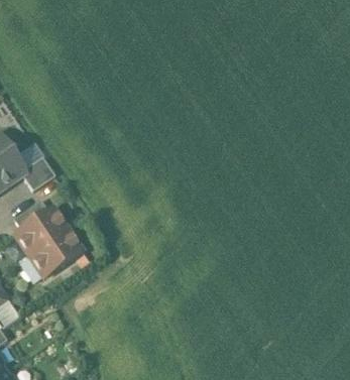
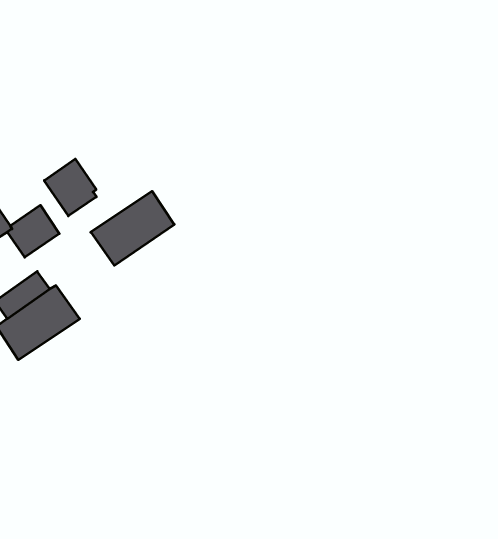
building: none -> [44,159,96,216]
building: [28,229,82,276] -> [91,191,174,265]

